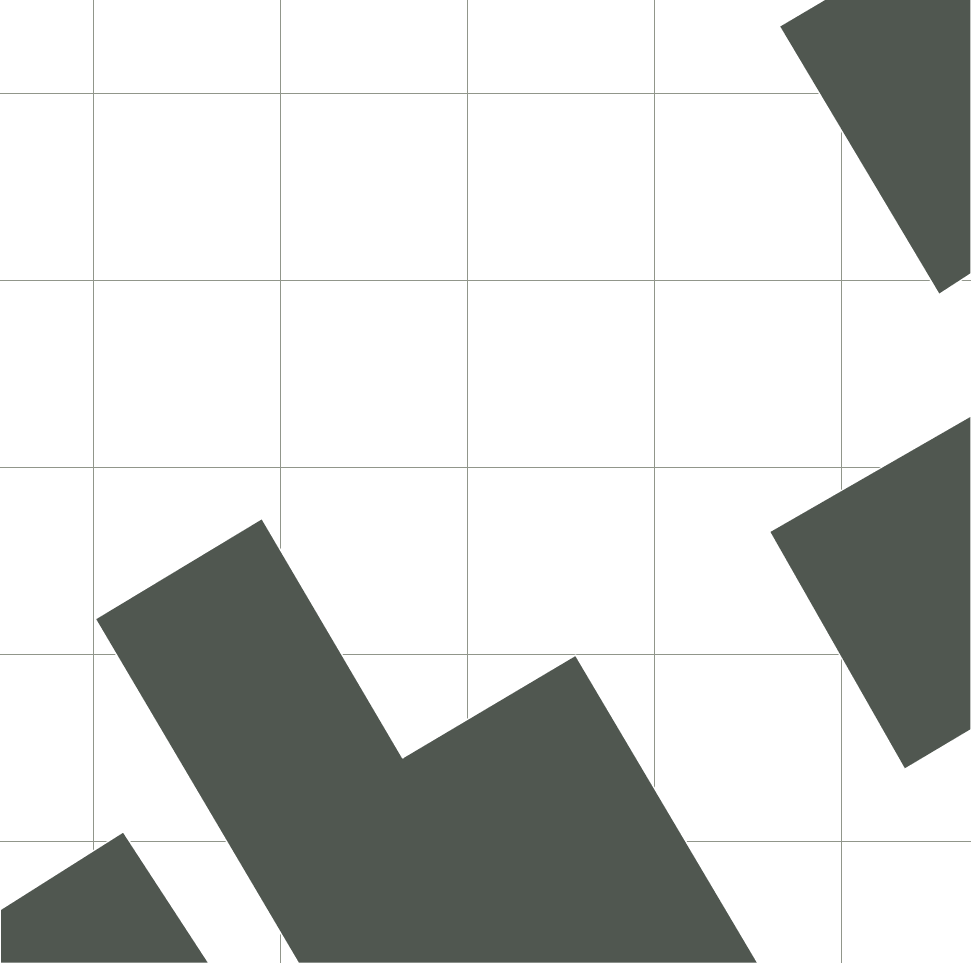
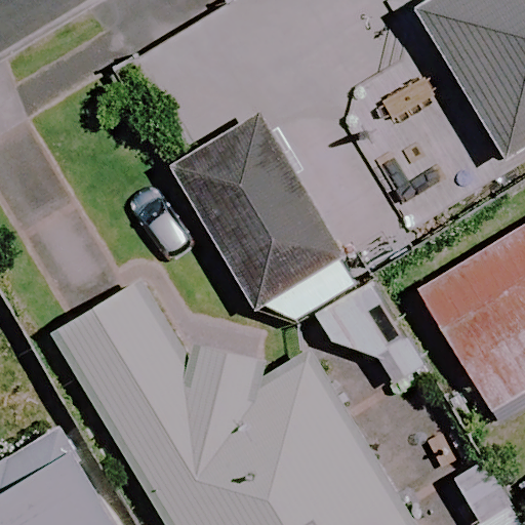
building: none -> [175,123,353,313]

